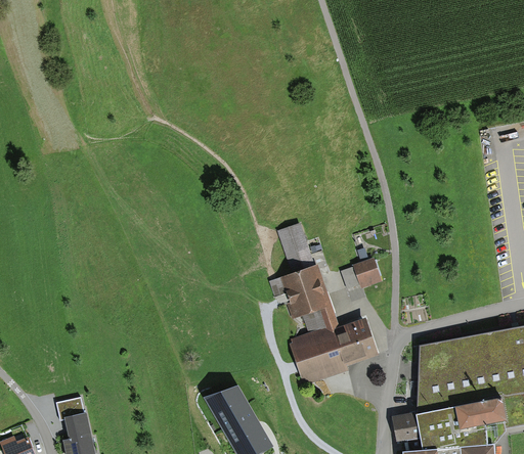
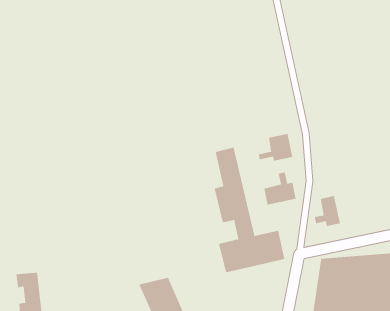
building: none -> [258,133,293,162]
building: none -> [314,195,341,227]

